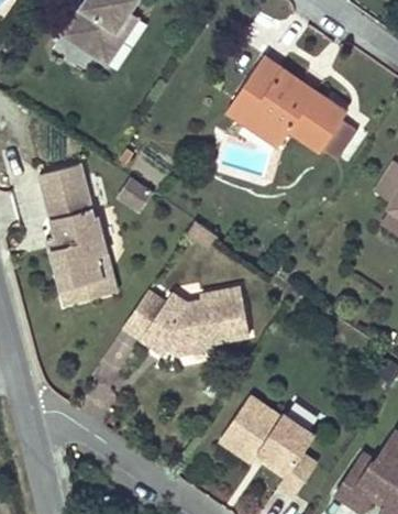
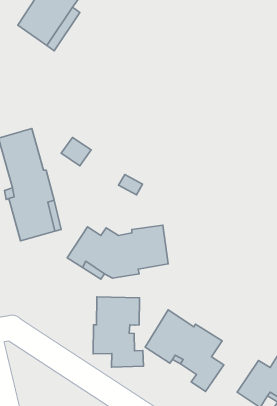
building: [233,57,355,161] -> none
building: none -> [93,297,143,367]

